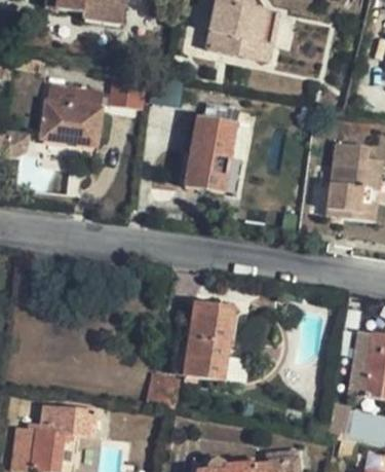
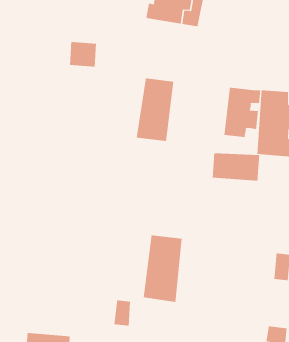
building: [41,83,103,147] -> none
building: none -> [224,87,261,138]
building: none -> [212,153,260,182]

